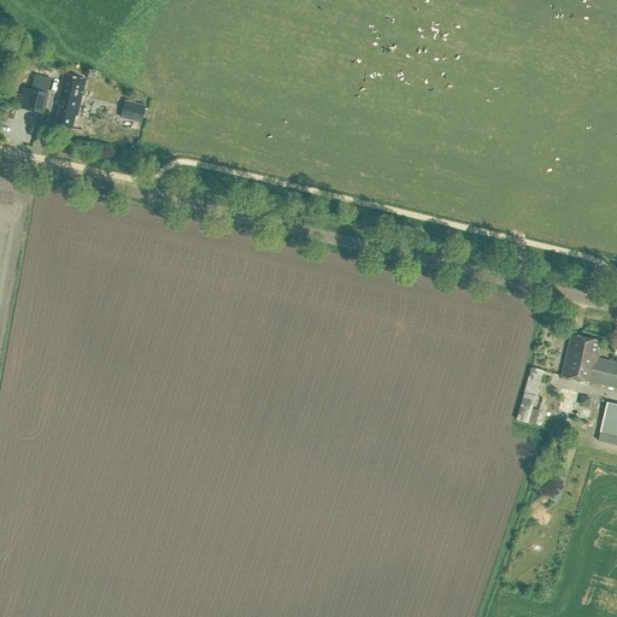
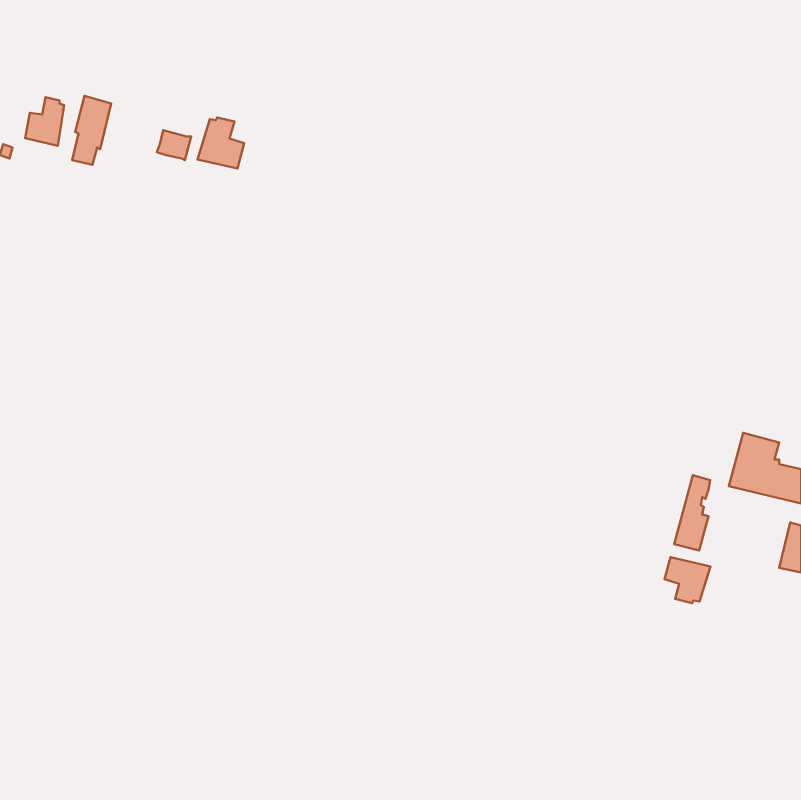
building: none -> [198,117,244,168]
building: none -> [665,557,711,603]

